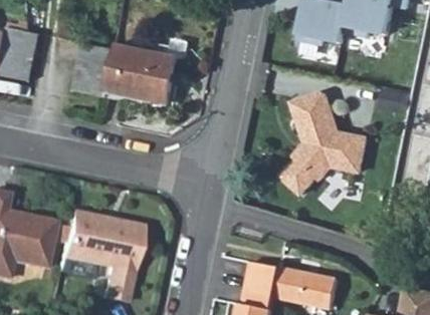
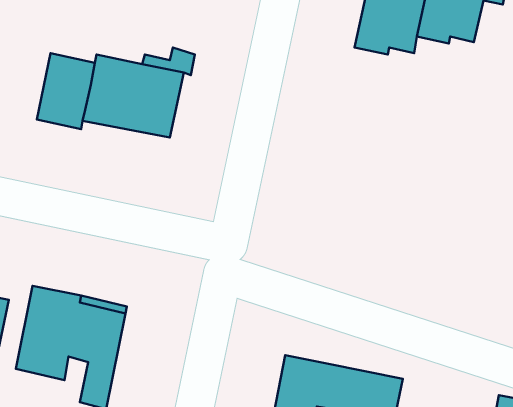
building: [283,91,367,194] -> none

